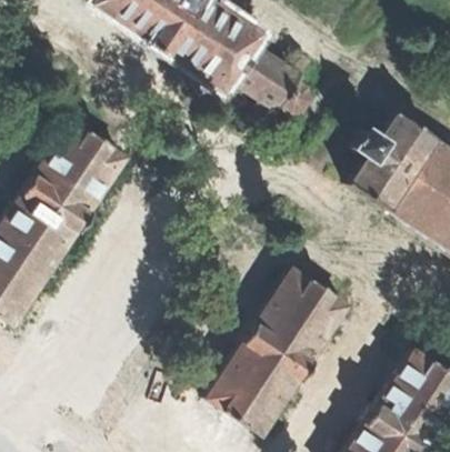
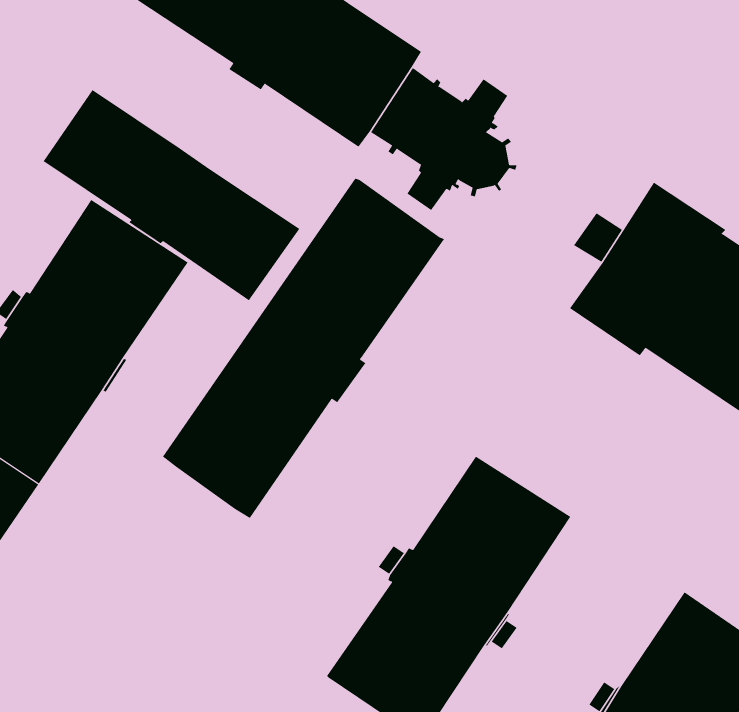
building: none -> [43,89,300,301]
building: none -> [162,178,445,519]

